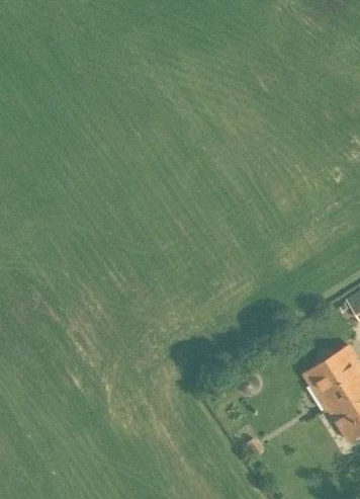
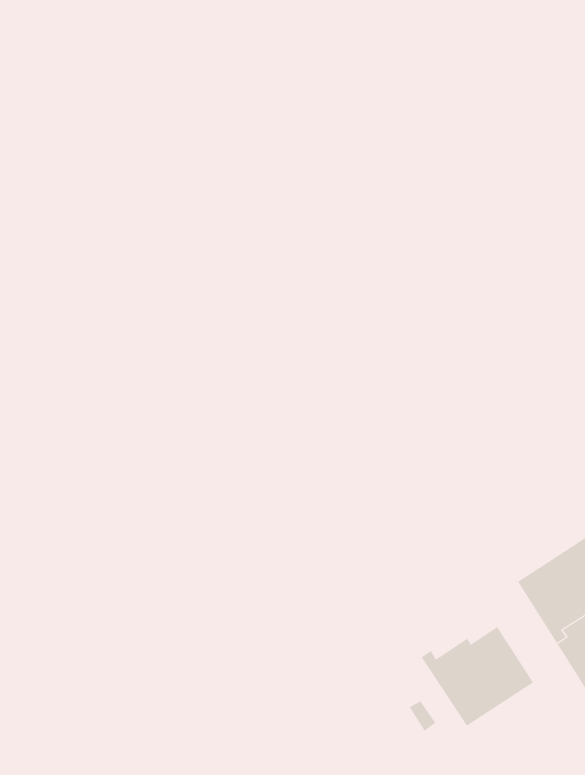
building: none -> [421,626,534,726]

